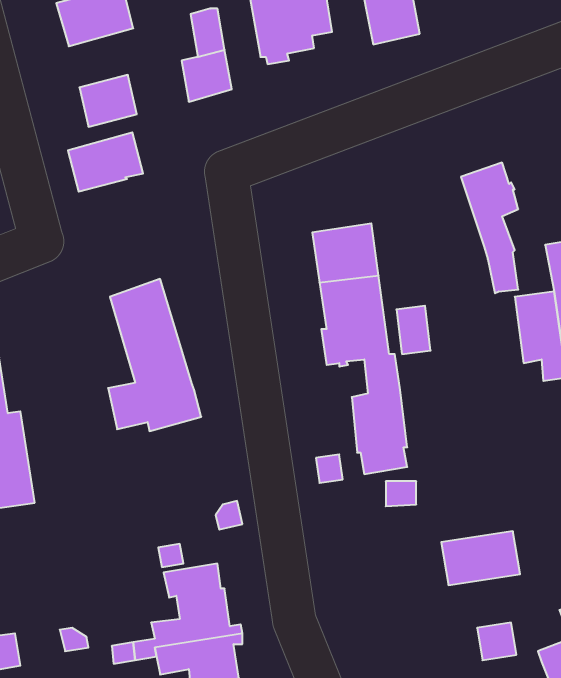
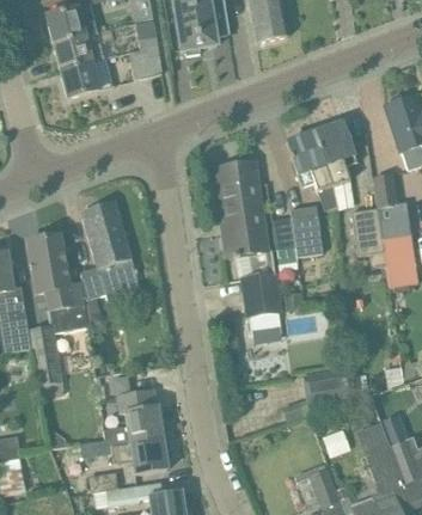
building: [68,132,143,192] -> [54,31,104,70]
building: none -> [287,130,334,189]
building: none -> [290,204,323,256]
building: none -> [27,234,87,397]

